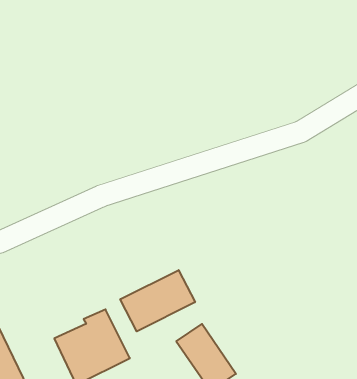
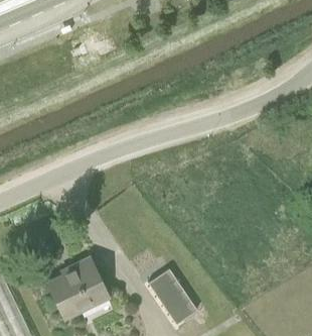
building: [120,270,195,331] -> none

